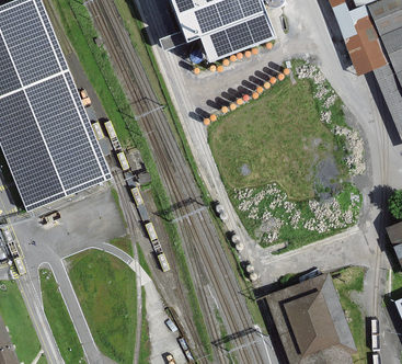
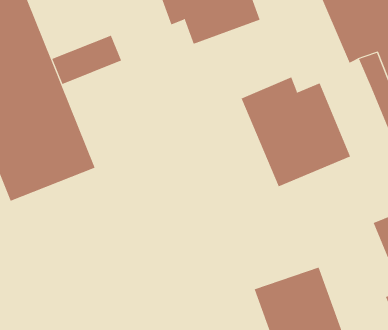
building: none -> [52,35,122,85]
building: none -> [241,77,351,187]

